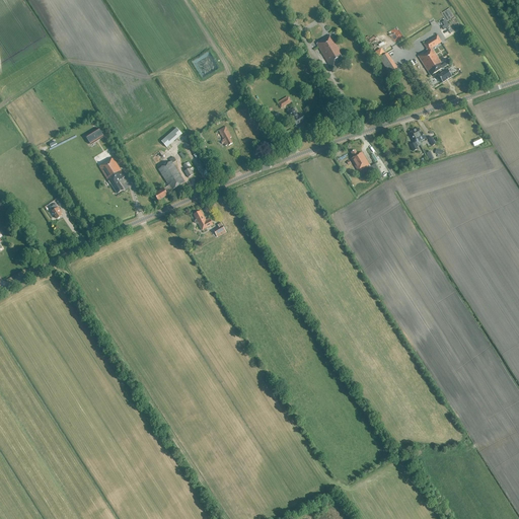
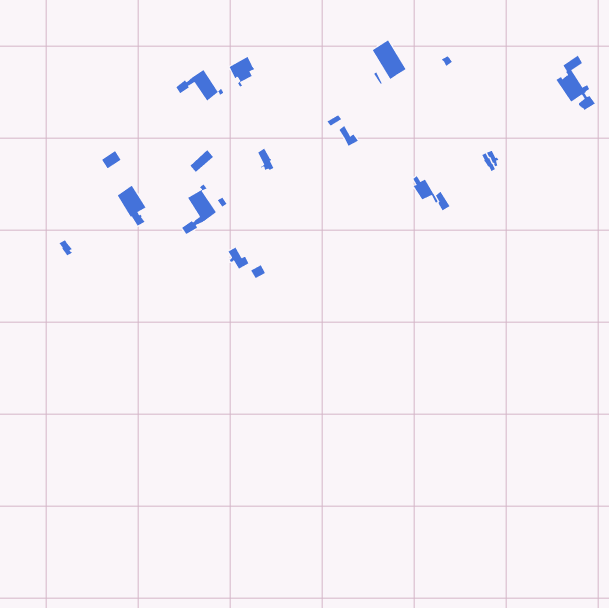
building: [418,34,452,82] -> [555,55,596,111]
building: none -> [176,69,224,102]

